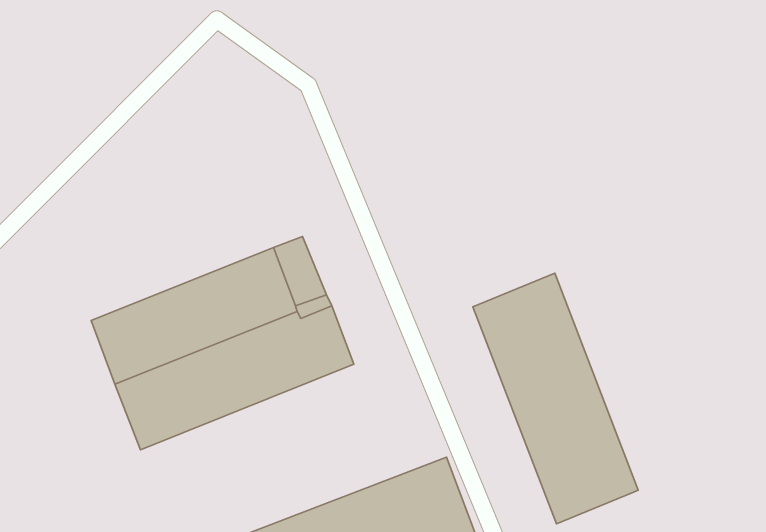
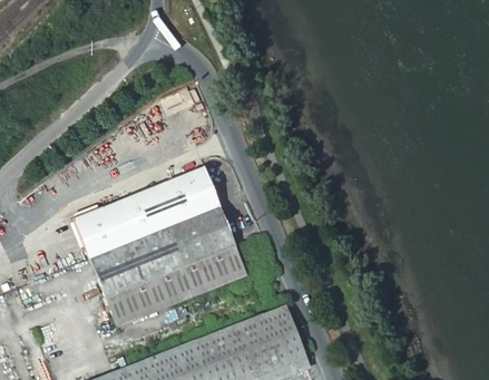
building: [473,273,638,524] -> none
building: none -> [104,246,245,327]

